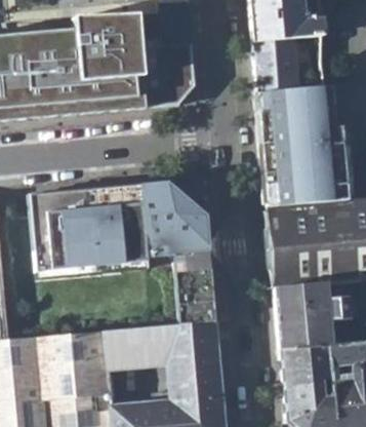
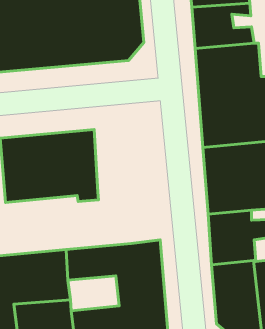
building: [136,184,215,323] -> none
building: [105,362,166,404] -> none

